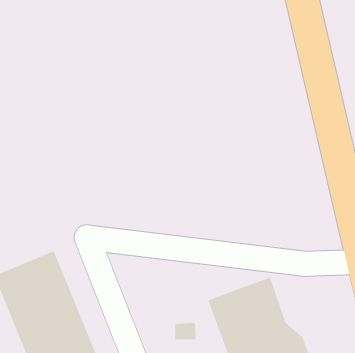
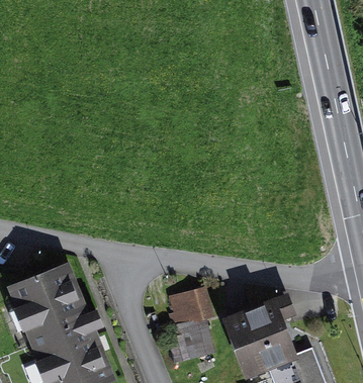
building: none -> [165,283,208,327]

